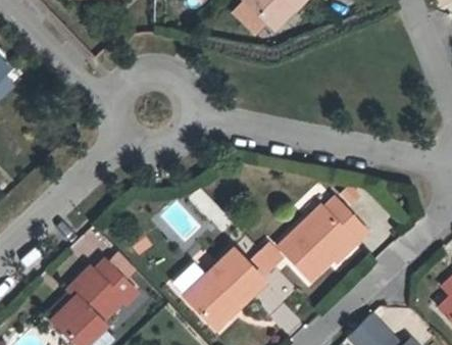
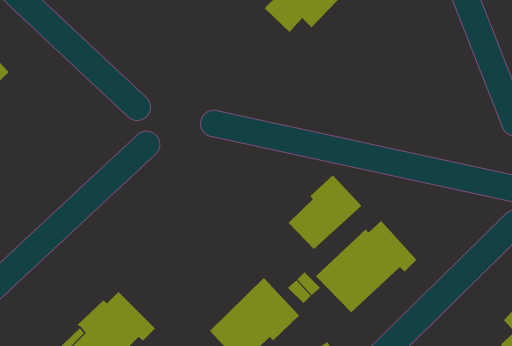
building: none -> [288,175,362,250]

